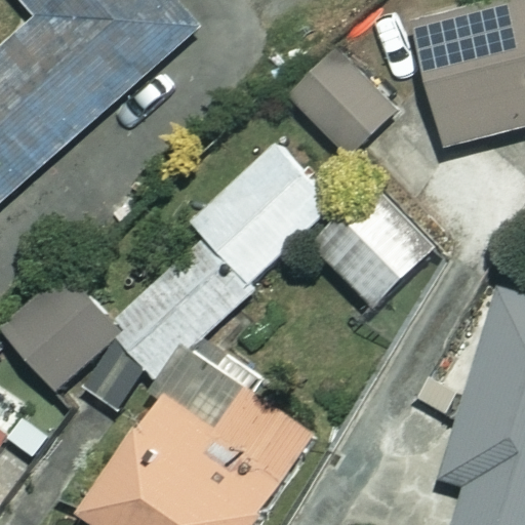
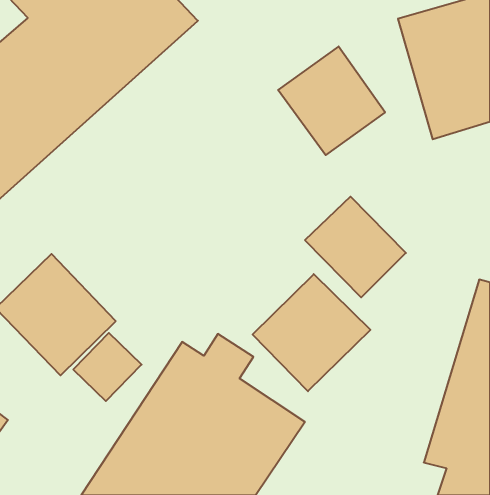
building: [112,145,333,377] -> none
building: none -> [253,274,370,391]

